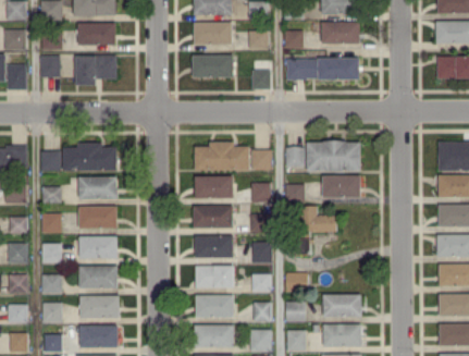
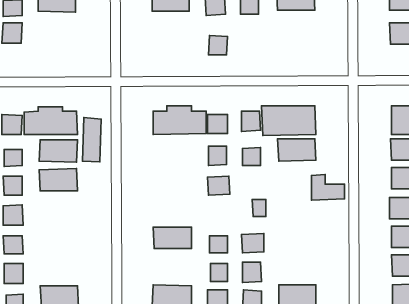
building: [75,56,116,85] -> none
building: [193,56,233,77] -> none
building: [286,58,359,81] -> none
building: none -> [82,118,101,162]
building: [195,175,233,198] -> none
building: [194,206,233,229] -> none
building: [303,206,336,232] -> [311,174,344,200]
building: [195,235,233,258] -> none
building: [79,236,118,258] -> none
building: [251,243,272,263] -> none
building: [79,266,118,289] -> none
building: [322,294,361,317] -> none
building: [81,295,120,318] -> none
building: [196,295,234,318] -> none

